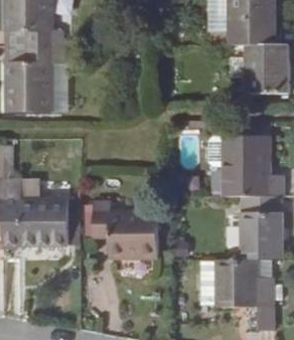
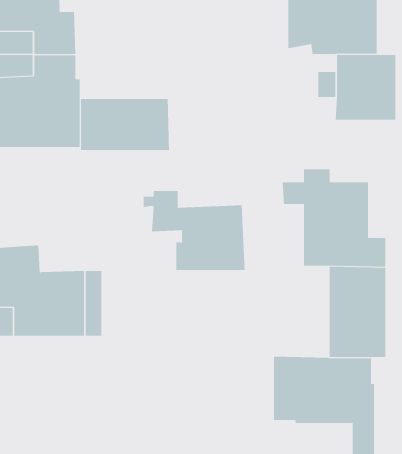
building: none -> [81,98,169,151]
building: [86,200,158,257] -> [143,191,245,271]

